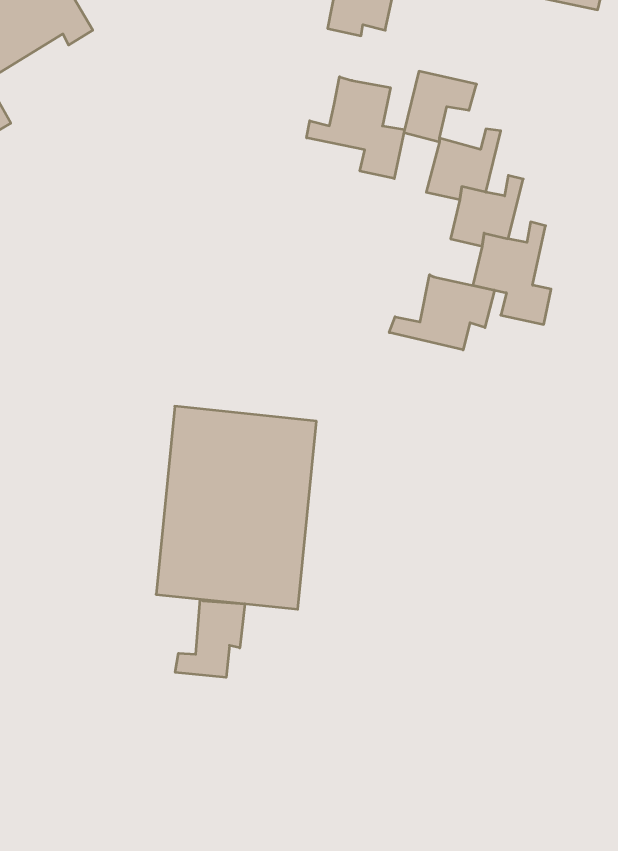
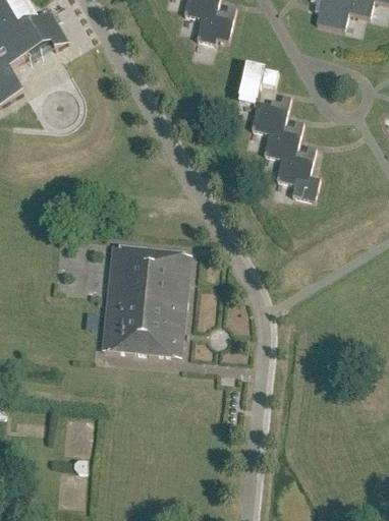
building: [307,77,405,179] -> none
building: [389,275,494,350] -> none
building: [175,599,245,677] -> none

